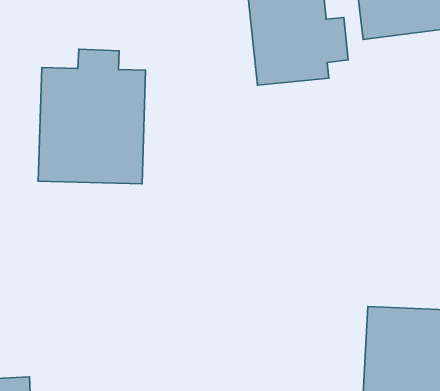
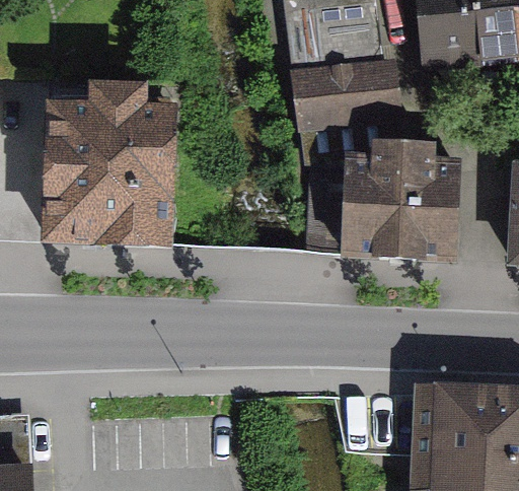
building: none -> [305,143,468,254]

